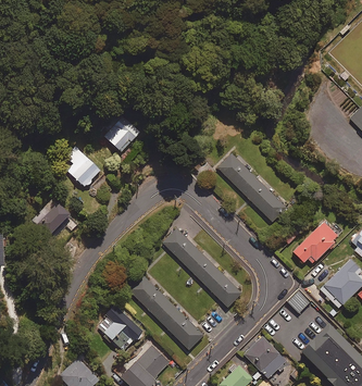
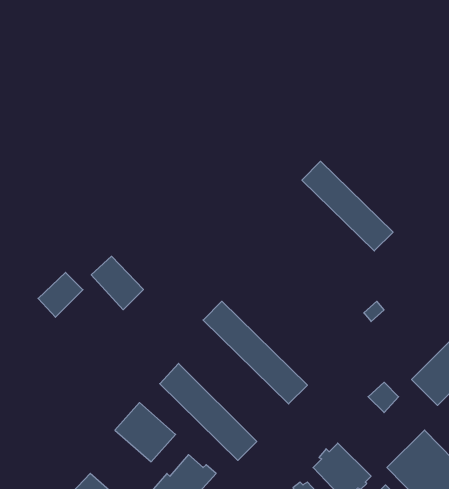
building: [104,119,141,155] -> none
building: [61,149,100,189] -> [91,256,143,310]
building: [216,152,285,220] -> [302,161,393,251]
building: [291,219,339,262] -> none

